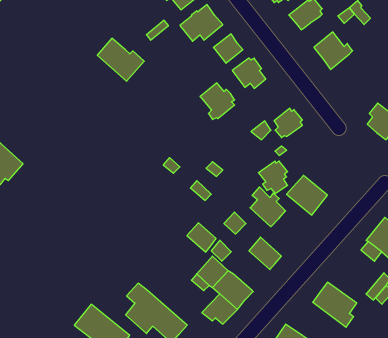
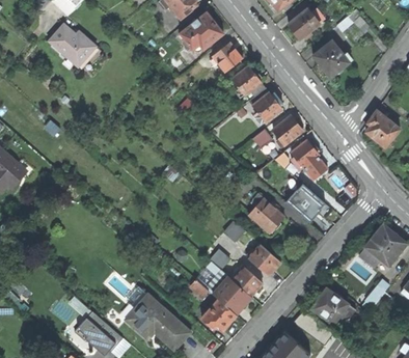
building: [97,38,144,81] -> [49,25,96,67]
building: [200,83,235,120] -> [248,87,282,123]
building: [258,161,288,194] -> [291,140,320,172]
building: [187,223,216,252] -> [233,268,262,297]

